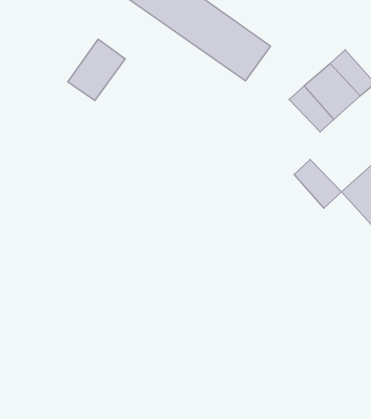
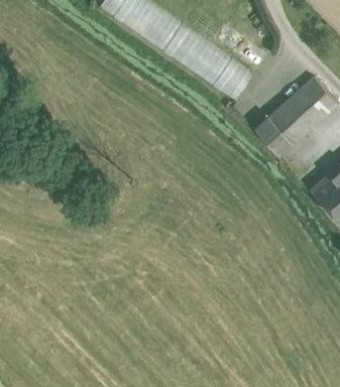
building: [68,39,125,100] -> none
building: [294,159,341,208] -> [255,116,294,155]

